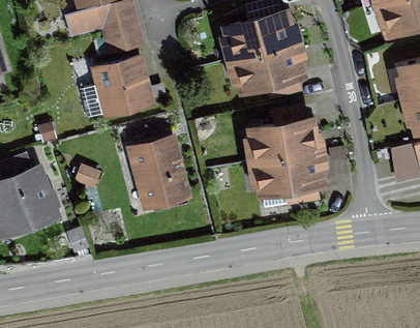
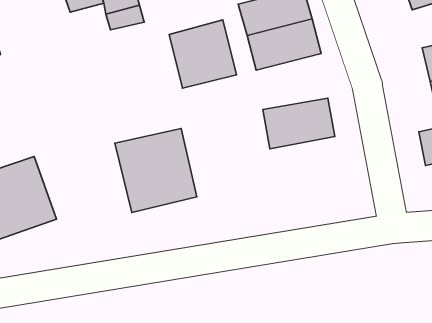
building: [91,54,153,117] -> [169,20,236,88]
building: [257,148,326,206] -> none

